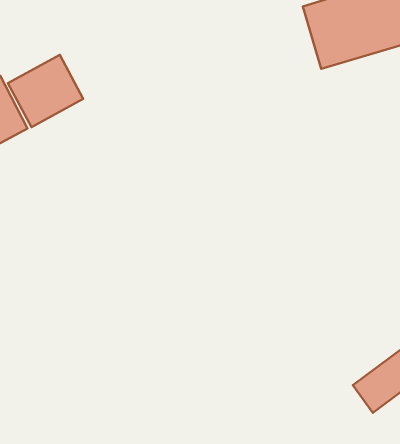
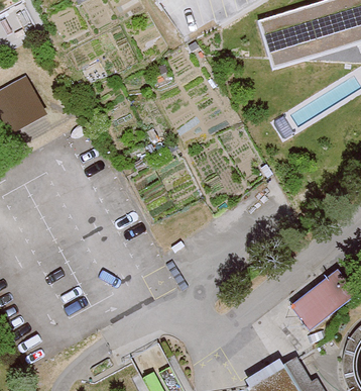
building: [8,55,83,127] -> none

